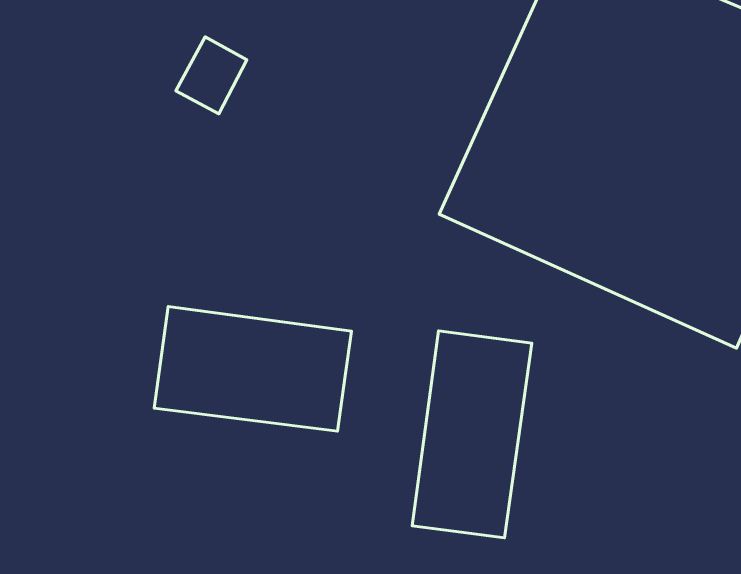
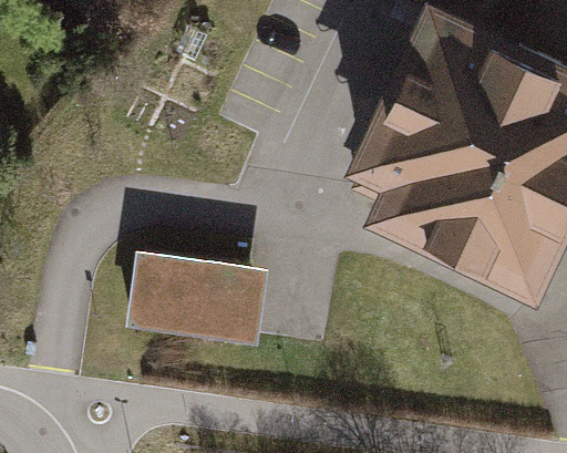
building: [412,331,532,538] -> none

